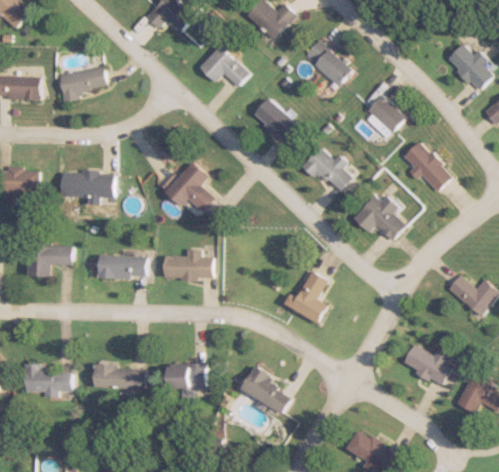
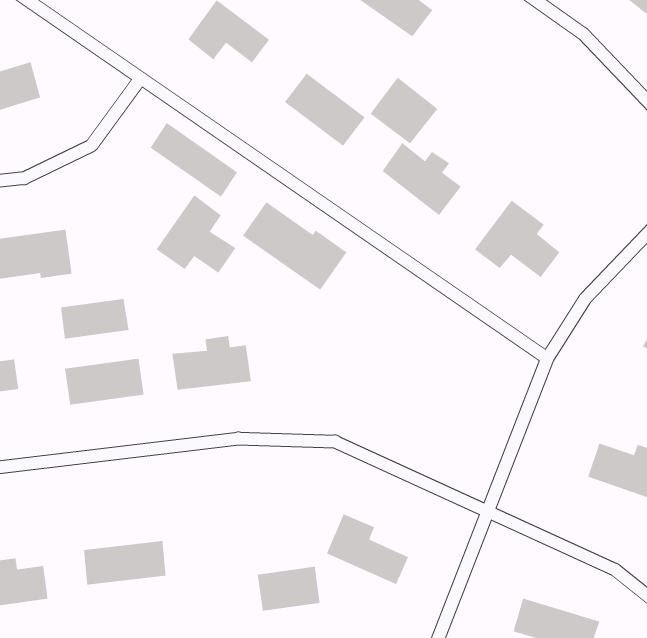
building: [363,96,405,138] -> [369,77,438,144]
building: none -> [150,122,238,198]
building: [403,142,453,192] -> none
building: none -> [242,201,348,291]
building: none -> [60,298,130,340]
building: [282,271,327,324] -> none
building: [167,365,203,388] -> [257,566,321,612]

